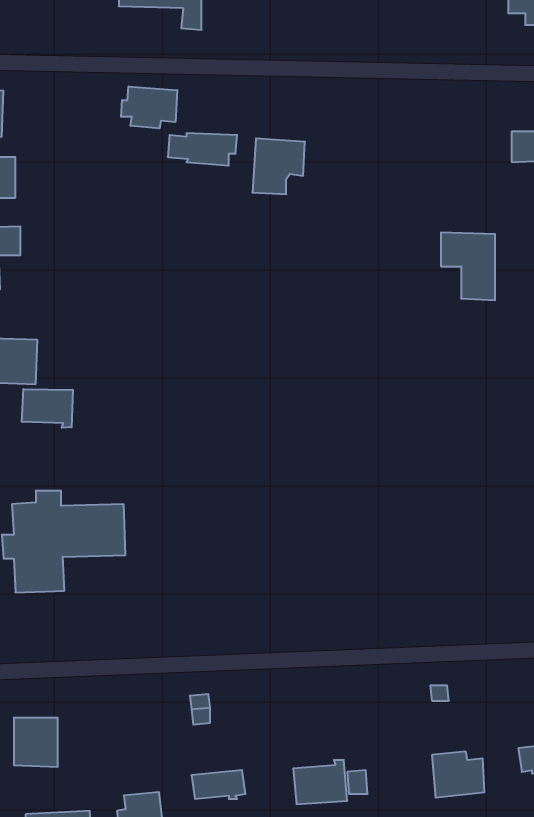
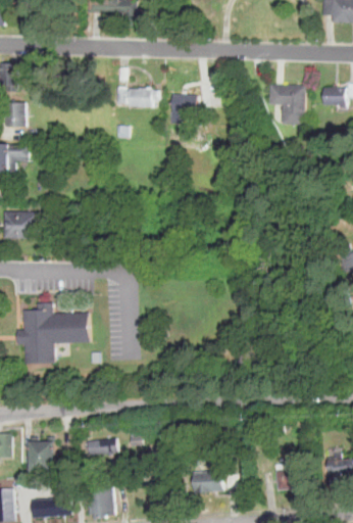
building: [121,86,177,128] -> none
building: [441,232,495,300] -> [271,85,304,126]
building: [22,389,73,428] -> none
building: [191,770,246,799] -> [86,436,118,454]

